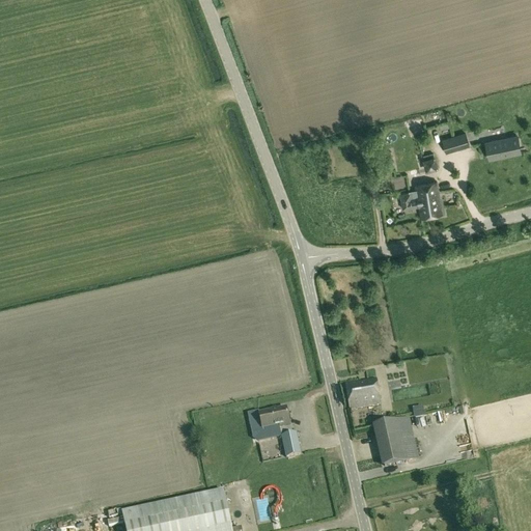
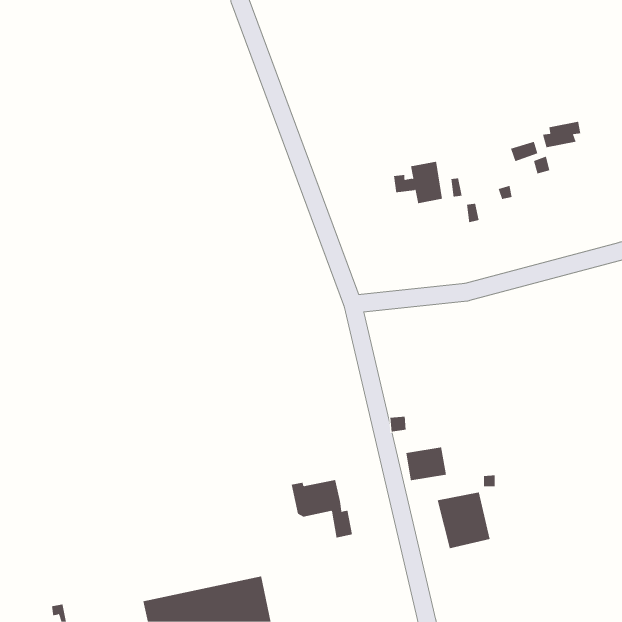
building: [486,136,520,159] -> [542,121,581,148]
building: [400,181,443,218] -> [393,161,443,204]

